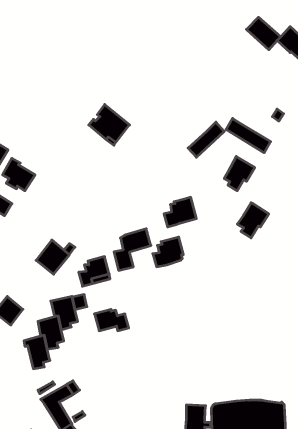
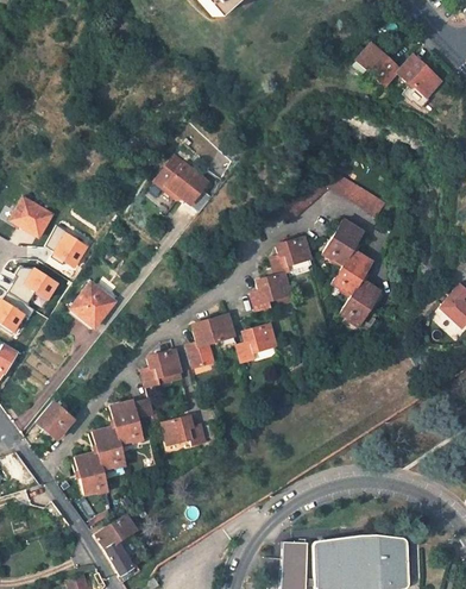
building: none -> [273,238,313,276]
building: none -> [338,251,377,296]
building: [36,240,69,274] -> [70,282,113,326]

